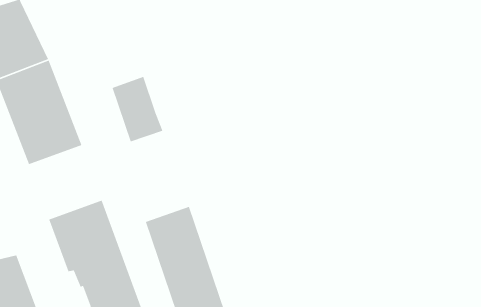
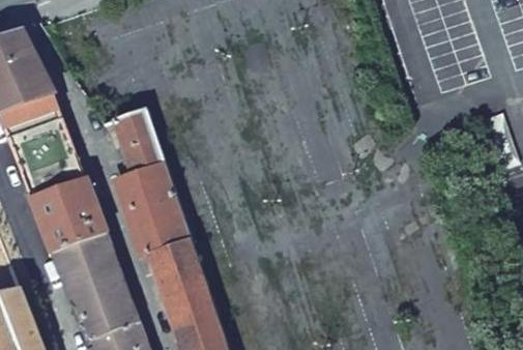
building: none -> [121,168,193,258]
building: none -> [32,182,106,256]

